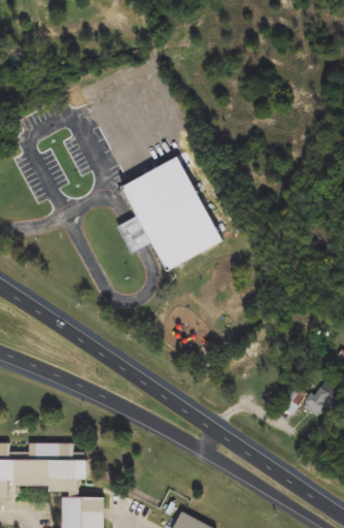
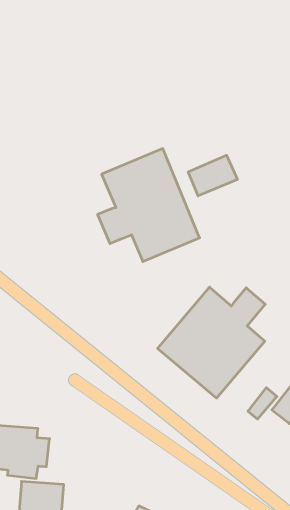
building: none -> [188,155,237,196]
building: none -> [158,287,265,398]

